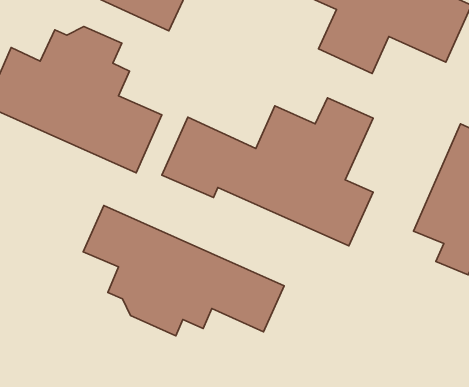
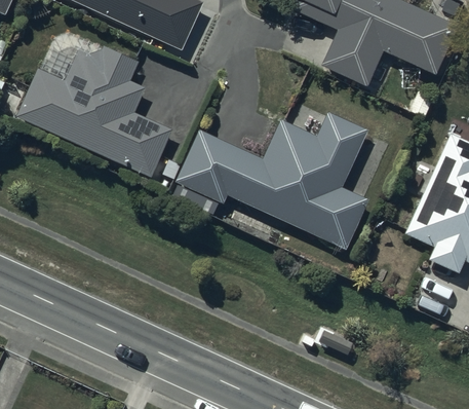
building: [83,205,284,336] -> none

